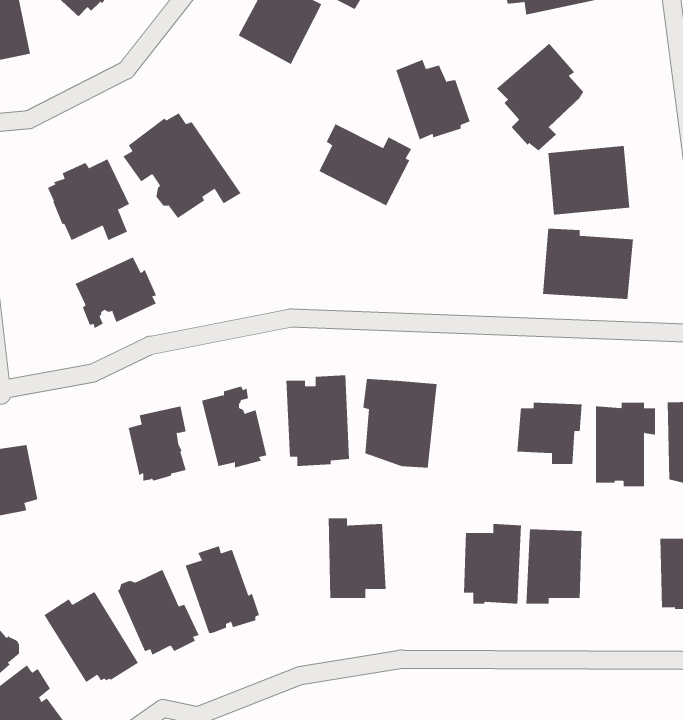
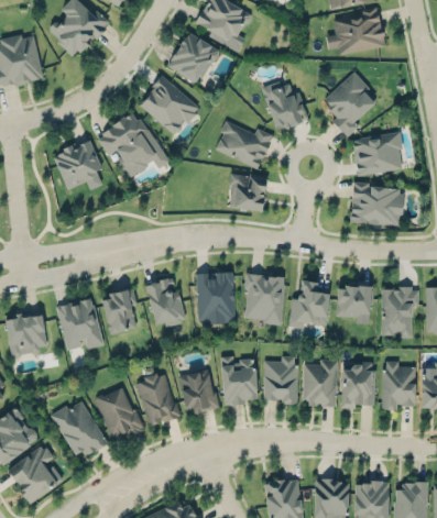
building: none -> [138,73,201,137]
building: none -> [229,173,266,212]
building: [75,256,157,329] -> none
building: none -> [288,280,328,328]
building: none -> [55,298,103,351]
building: none -> [263,355,297,405]
building: none -> [381,361,416,411]
building: none -> [177,368,220,417]

